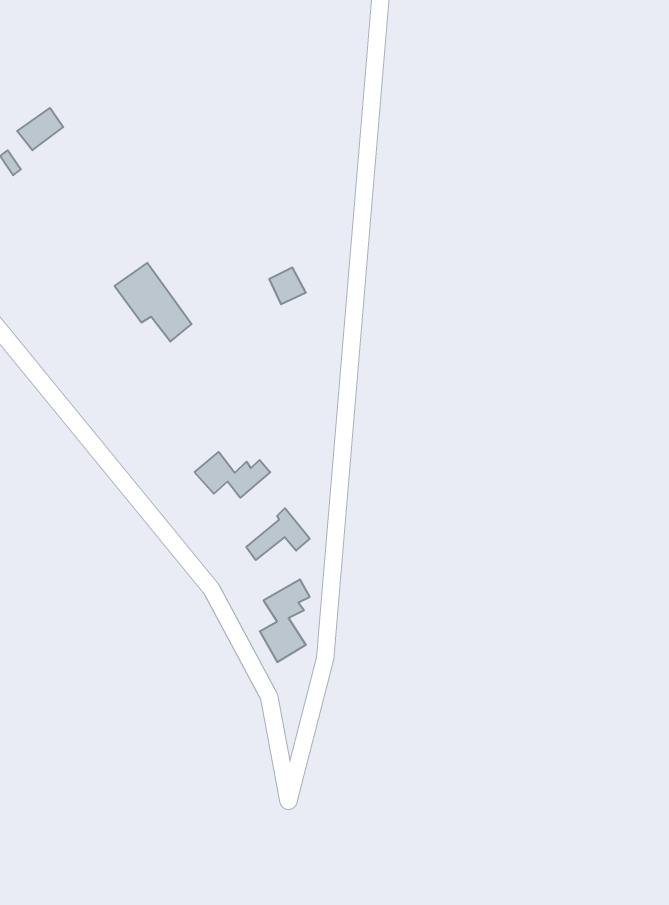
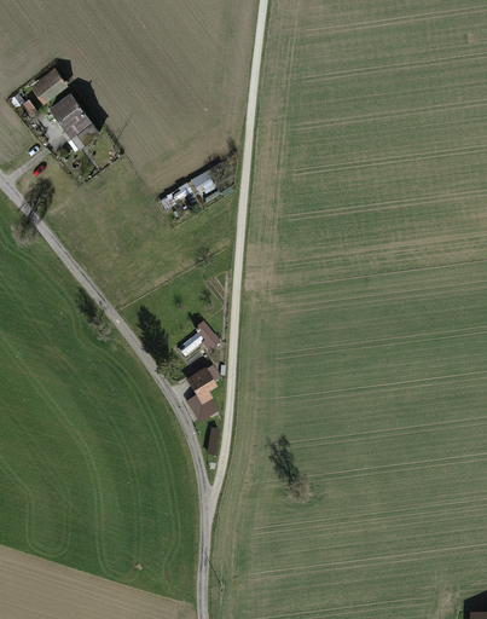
building: [115,263,192,342] -> [50,92,98,141]
building: [195,452,270,498] -> none

